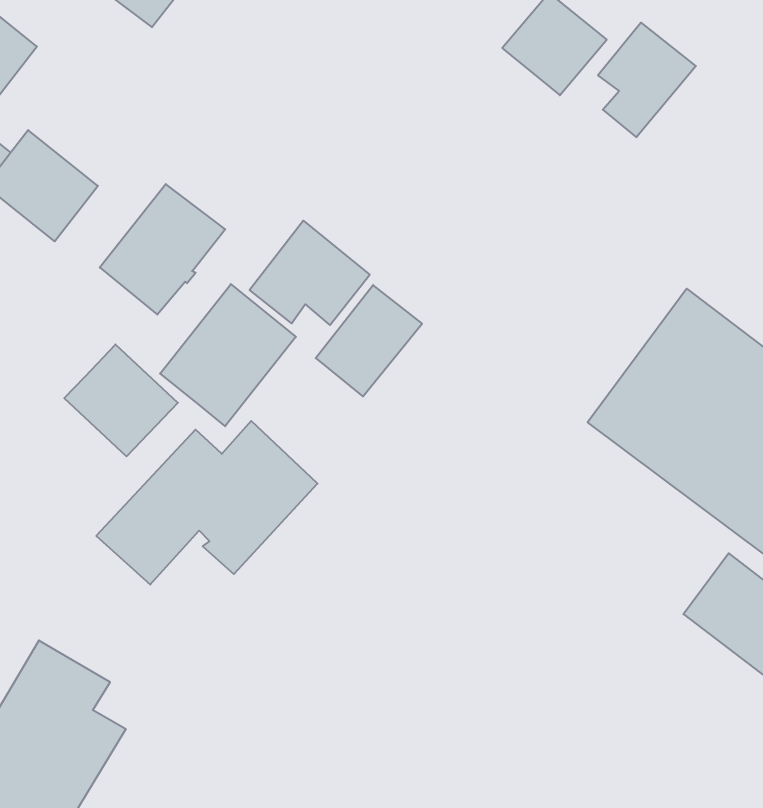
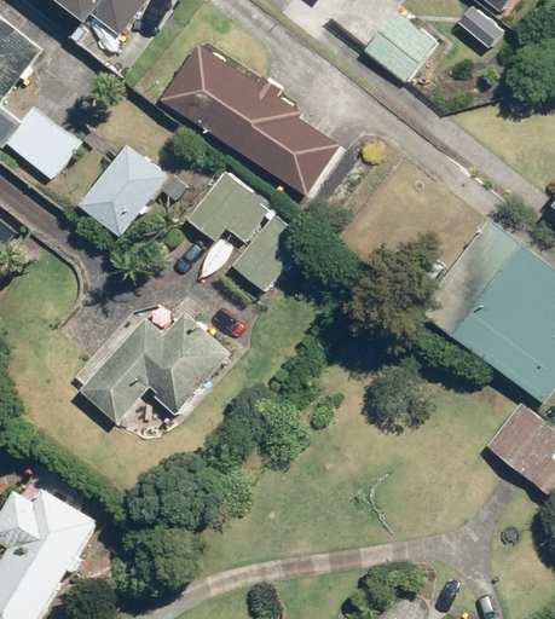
building: [598,23,696,137] -> none
building: none -> [160,42,337,196]
building: [160,284,296,426] -> none
building: [64,344,178,456] -> none

